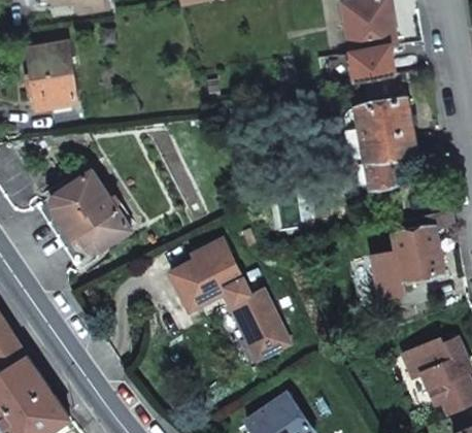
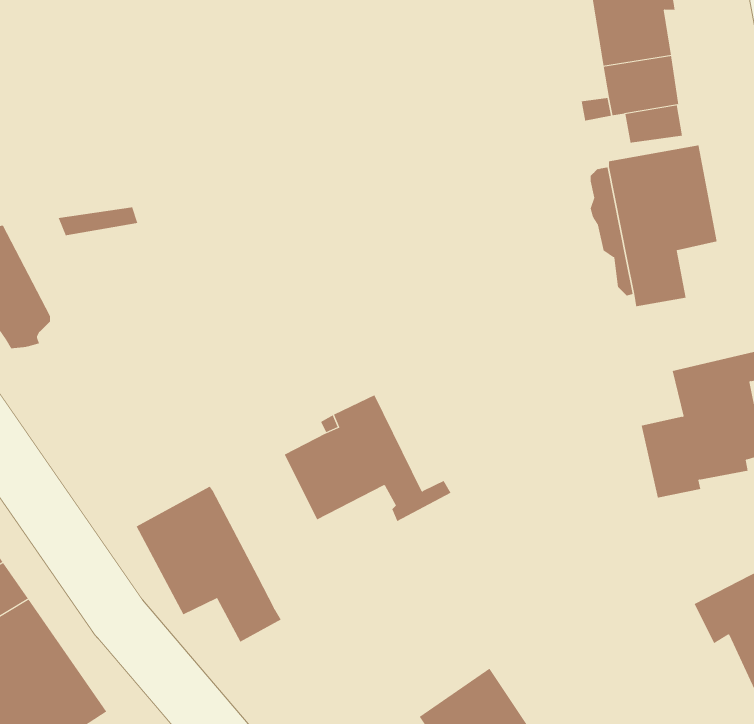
building: [27,41,83,122] -> none
building: [35,168,131,265] -> none
building: none -> [136,486,281,643]
building: [234,293,290,357] -> none

